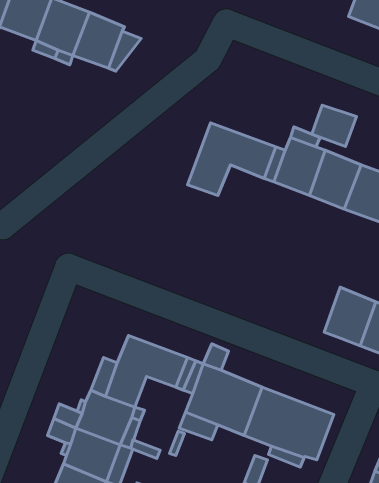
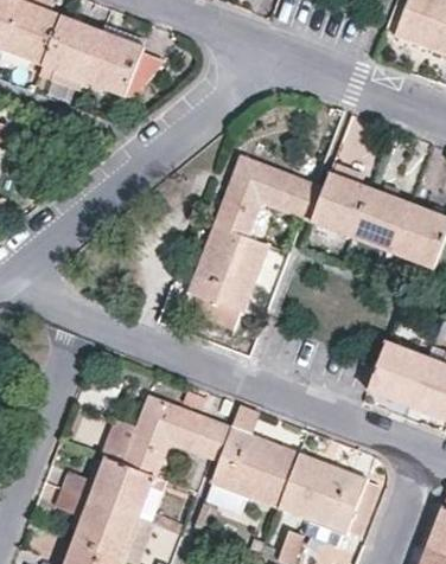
building: [312,105,356,146] -> none
building: none -> [183,225,267,328]

